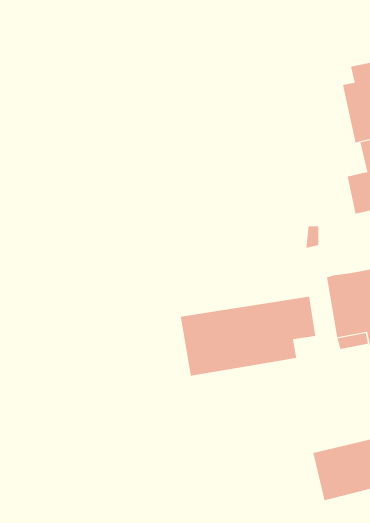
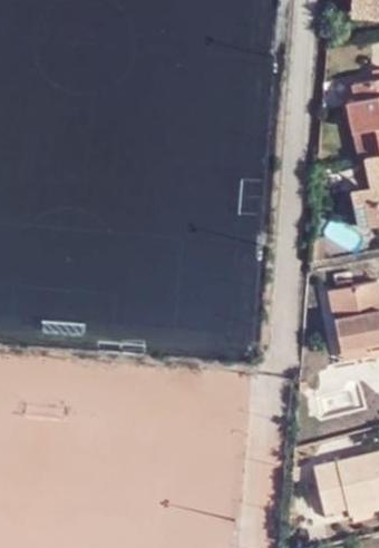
building: [180,296,316,377] -> none

